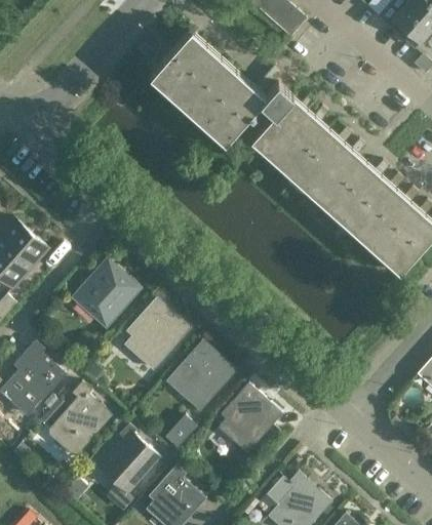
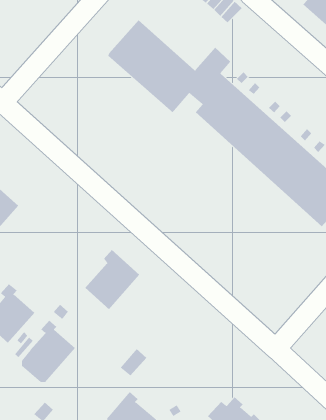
building: [73,258,142,328] -> none
building: [165,341,236,412] -> none
building: [219,383,282,452] -> none
building: [99,422,160,492] -> none

